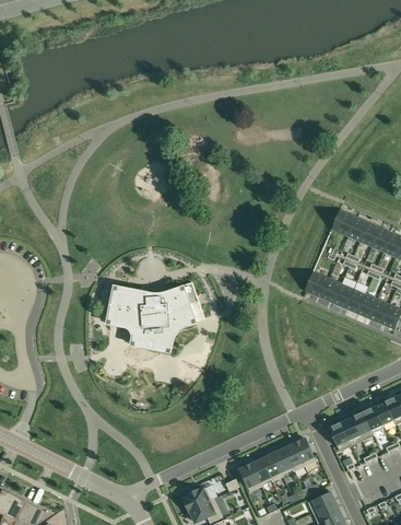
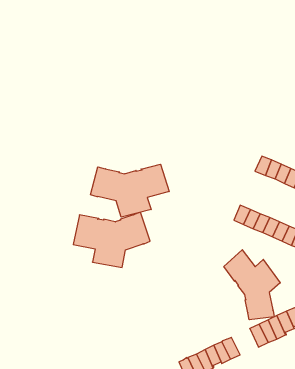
building: none -> [91,164,169,217]
building: none -> [224,250,280,320]

